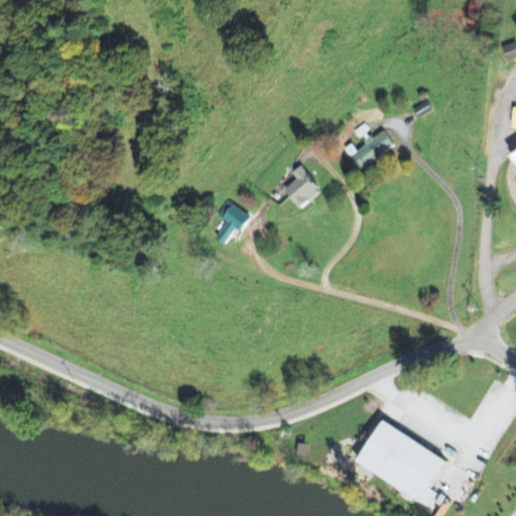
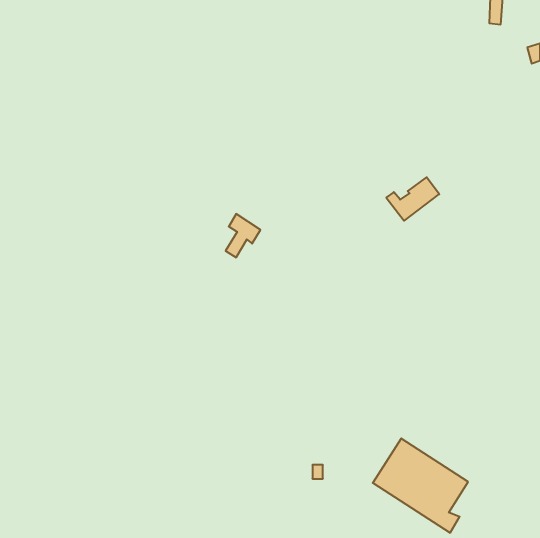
building: [343,129,393,170] -> [386,177,439,221]
building: [282,166,319,209] -> none

